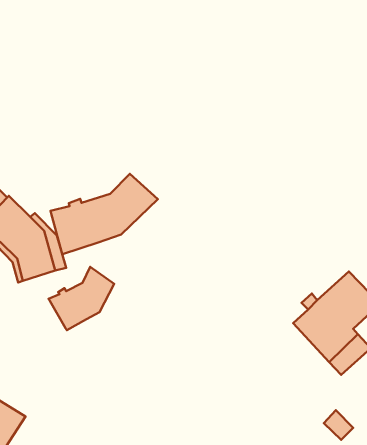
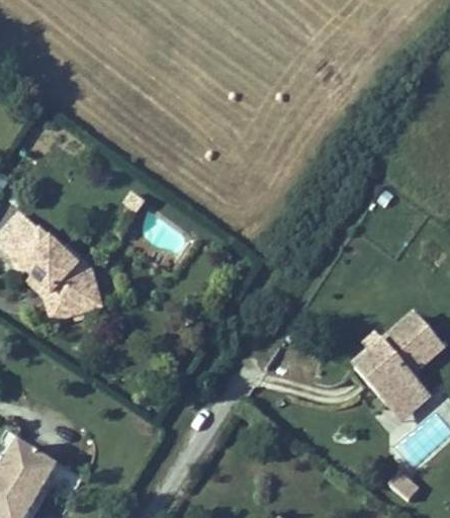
building: [51,174,158,254] -> none
building: [49,267,114,330] -> none

